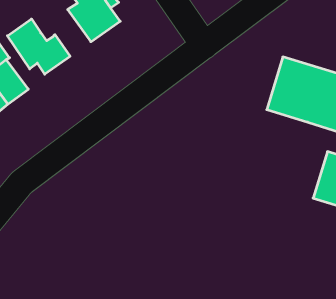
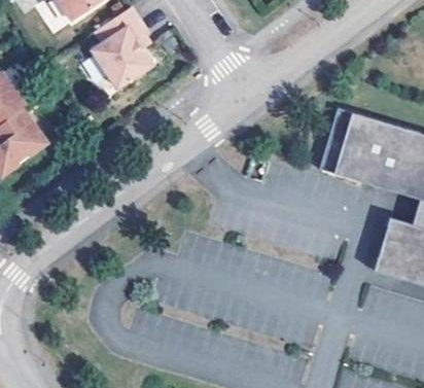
building: [7,19,70,74] -> none

